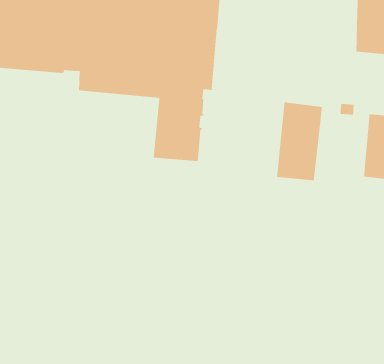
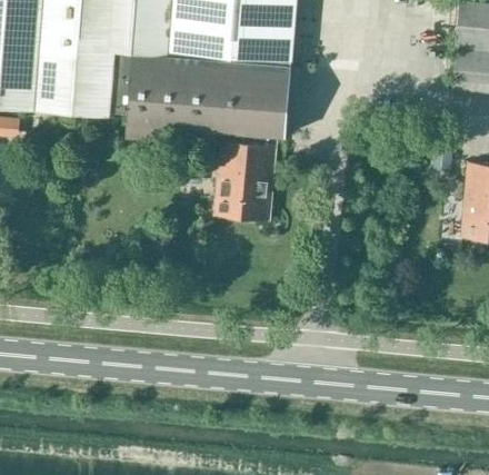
building: [276,101,323,181] -> none

